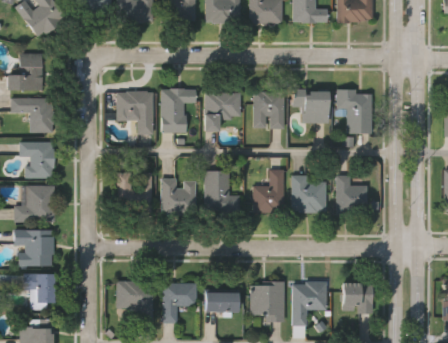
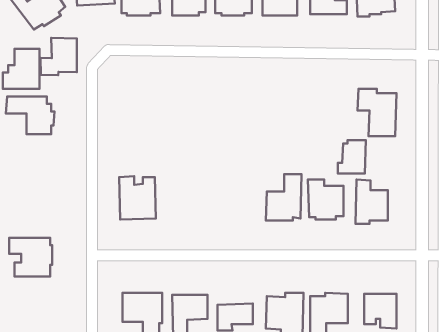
building: none -> [40,38,77,75]
building: [159,88,193,133] -> none
building: [115,91,151,134] -> none
building: [253,92,284,129] -> none
building: [203,93,240,132] -> none
building: [301,93,327,124] -> [338,140,366,174]
building: [19,141,54,179] -> none
building: [203,171,239,216] -> none
building: [160,179,195,215] -> none
building: [13,186,54,223] -> none
building: [23,272,56,308] -> none

